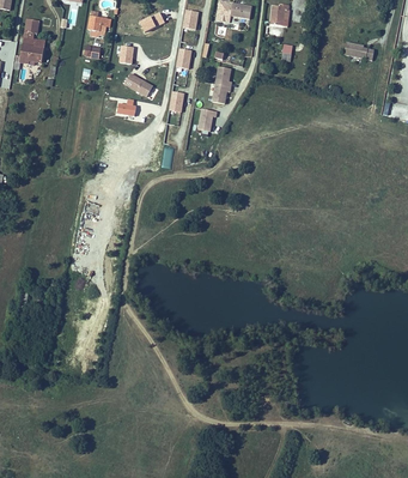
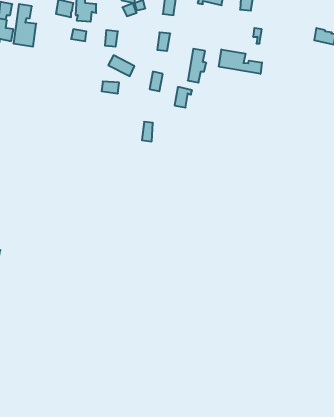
building: none -> [219,49,262,74]

